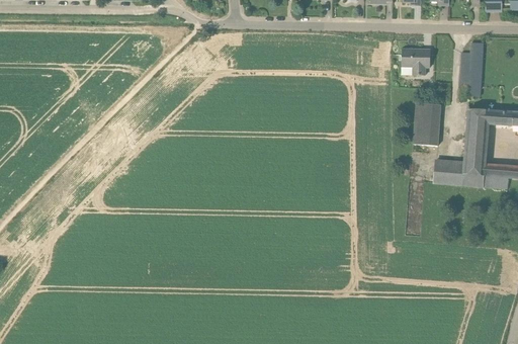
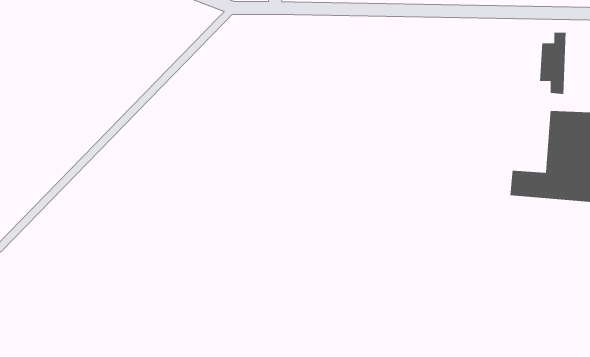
building: [402,48,430,74] -> none
building: [413,100,441,144] -> none

